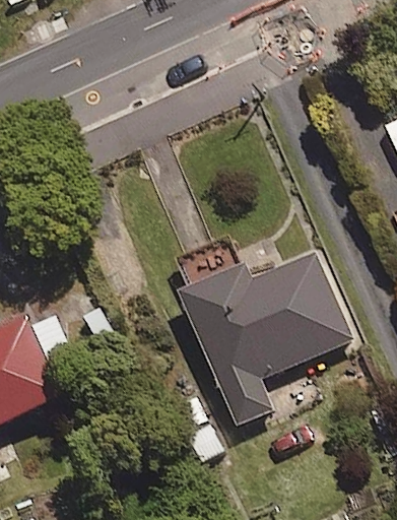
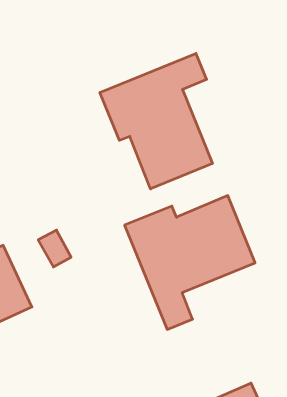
building: none -> [100,53,212,189]

